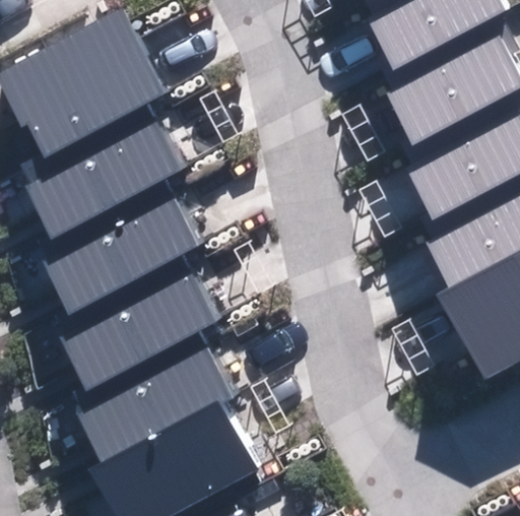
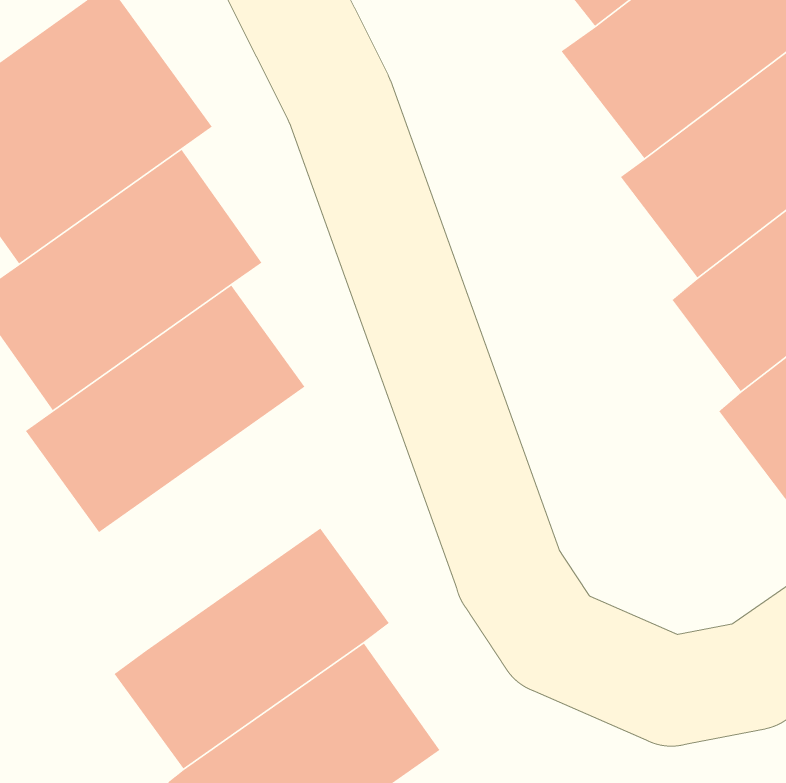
building: [60,263,218,391] -> none

